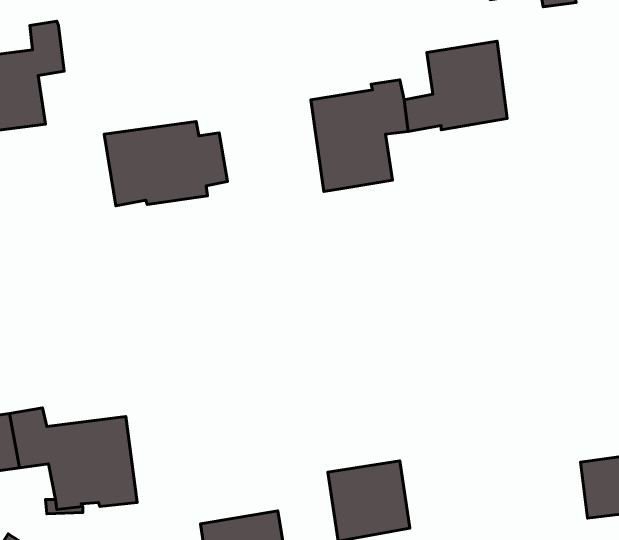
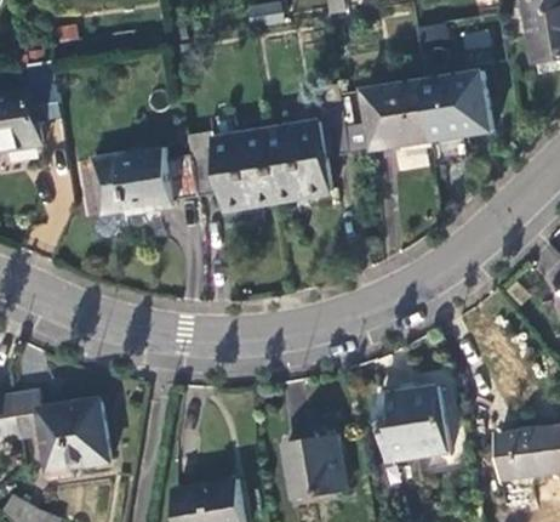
building: none -> [421,68,499,164]
building: none -> [183,127,274,212]
building: none -> [376,385,448,464]

